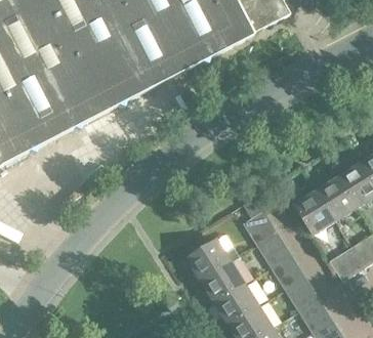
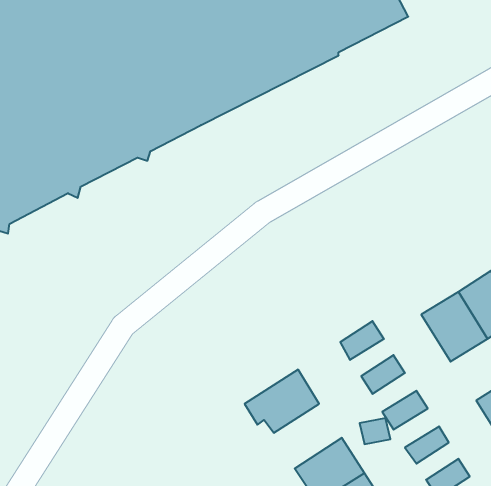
building: [202,261,245,302] -> none

